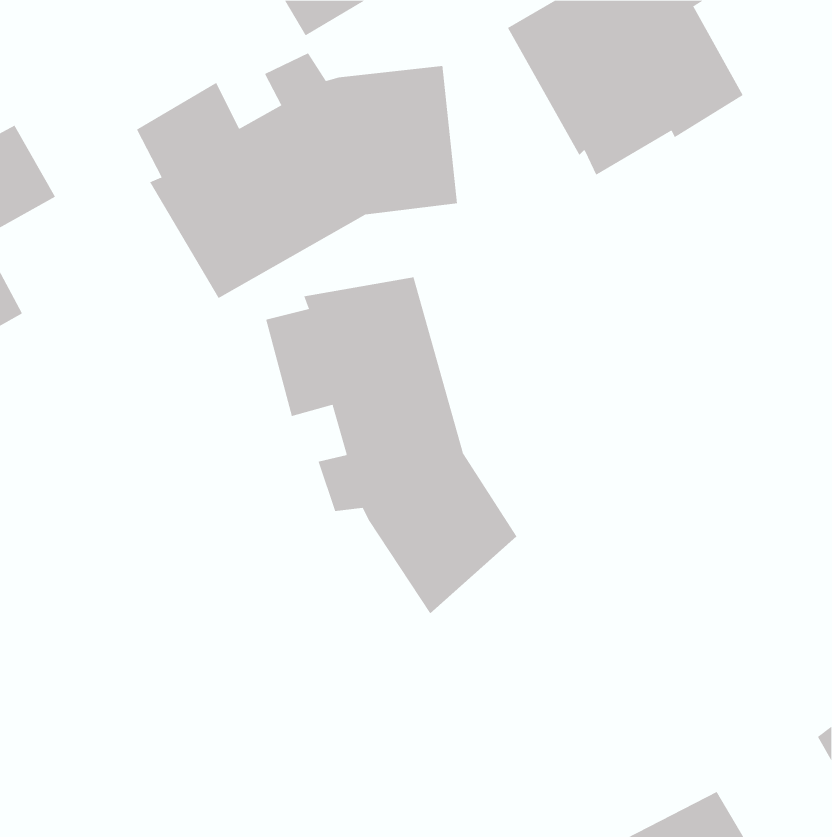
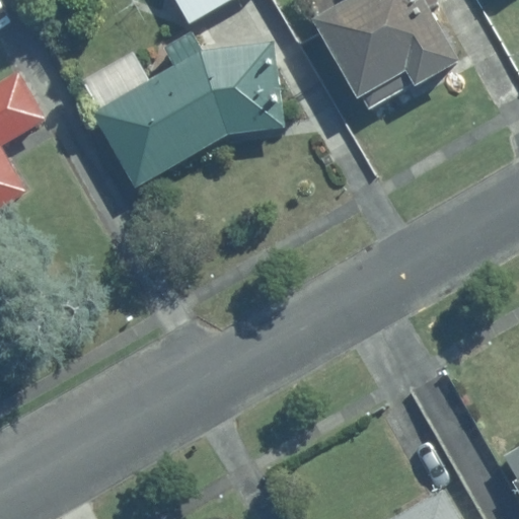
building: [266,276,517,614] -> none

